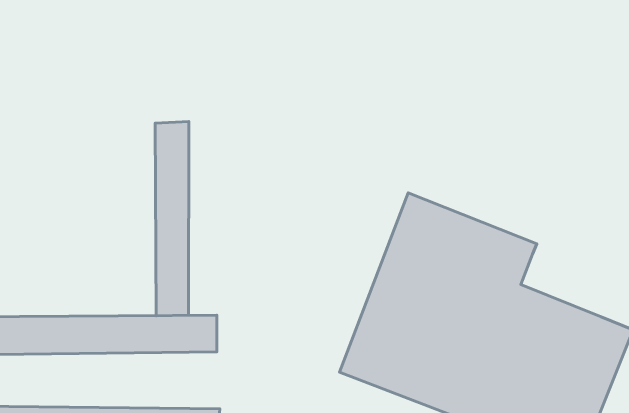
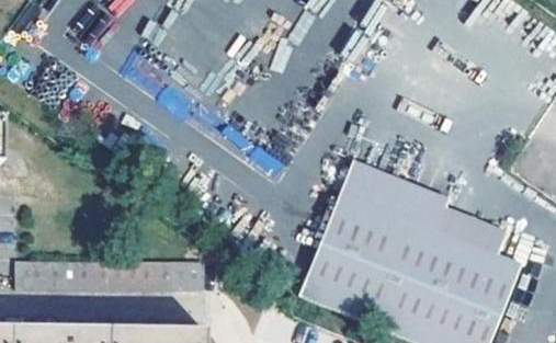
building: [155,122,189,316] -> none
building: none -> [435,211,506,259]

